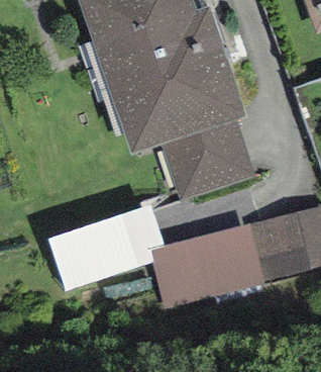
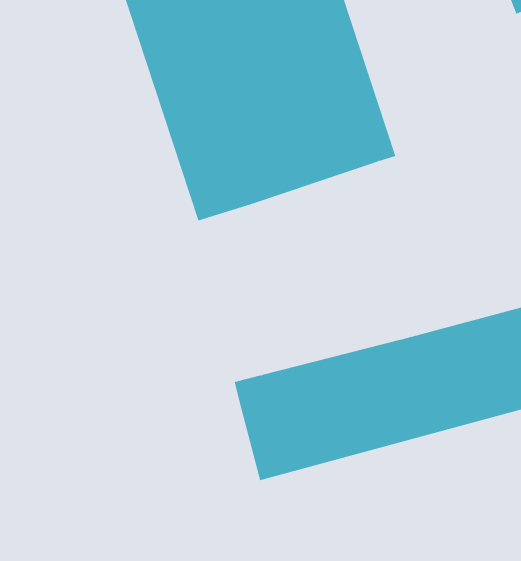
building: [160,119,254,200] -> none
building: [46,204,166,291] -> none

